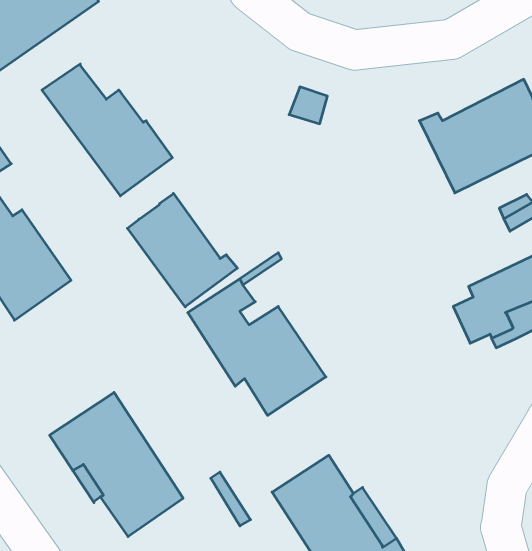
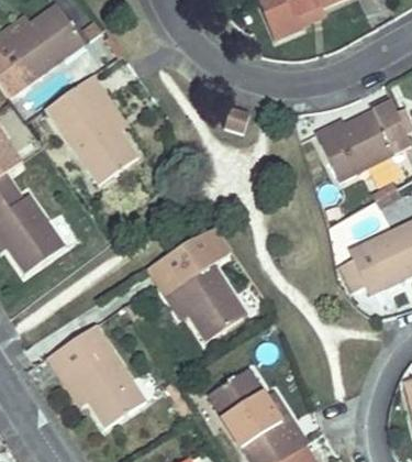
building: none -> [71,76,125,131]
building: [127,193,237,307] -> none

